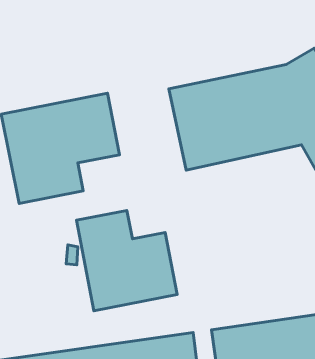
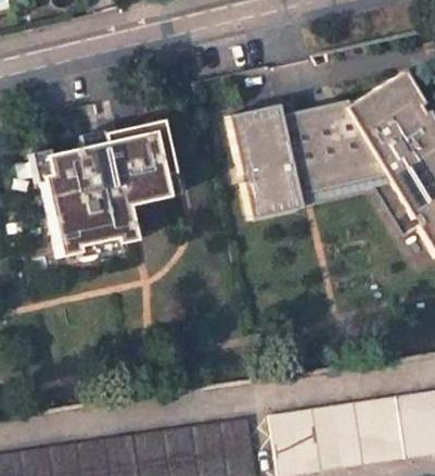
building: [77,210,177,311] -> none

